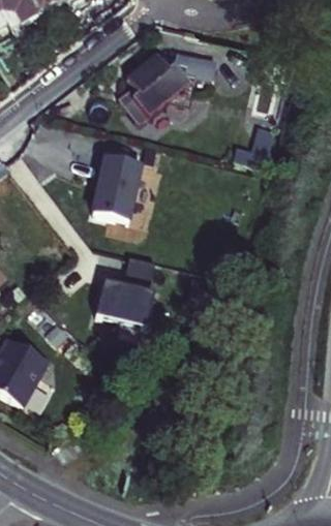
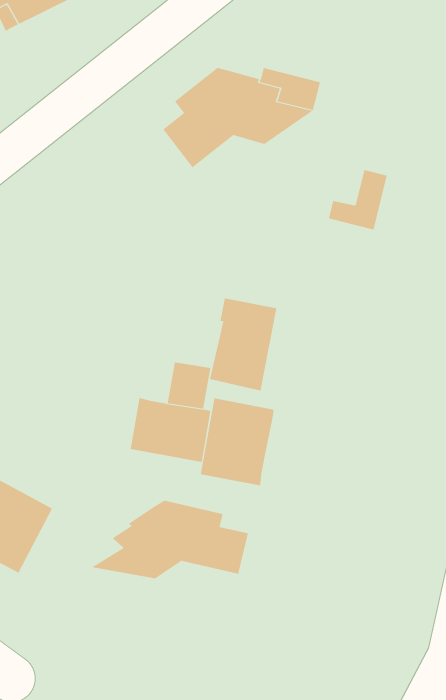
building: [92,159,140,224] -> [209,298,277,391]
building: none -> [200,398,274,486]
building: none -> [91,500,249,579]

